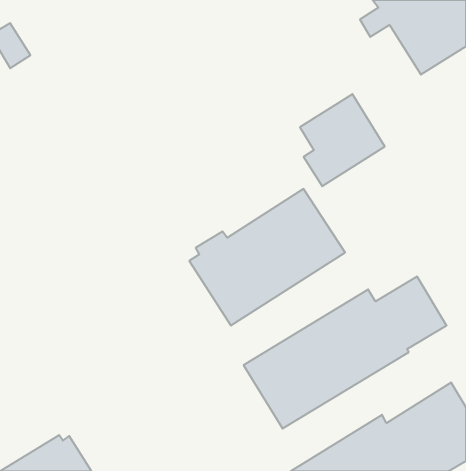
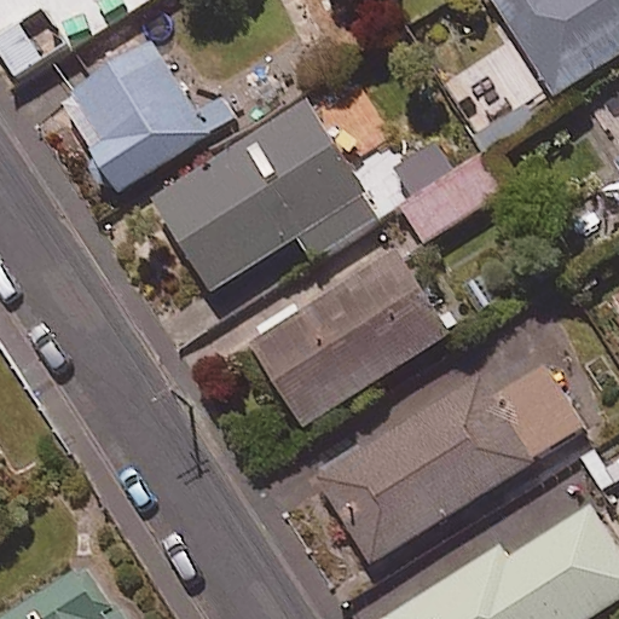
building: none -> [57,40,237,195]
building: none -> [151,100,375,290]

